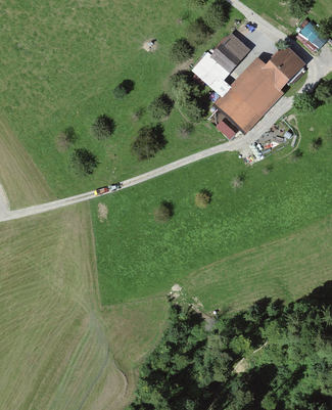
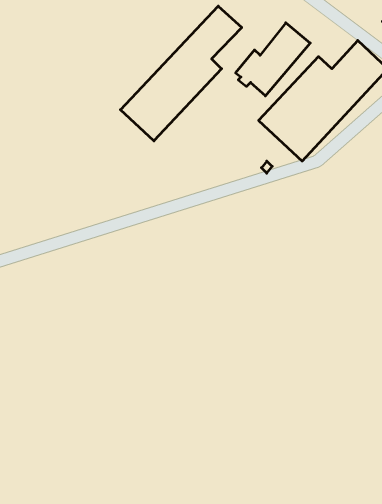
building: none -> [120,6,242,141]

